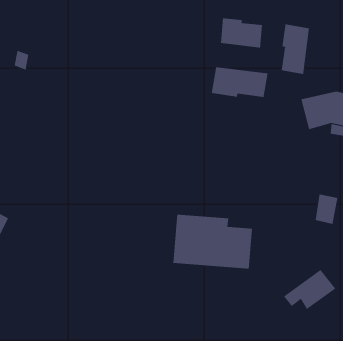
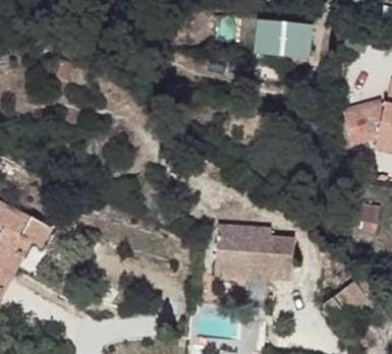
building: [281,24,310,75] -> none
building: [211,66,268,98] -> none

